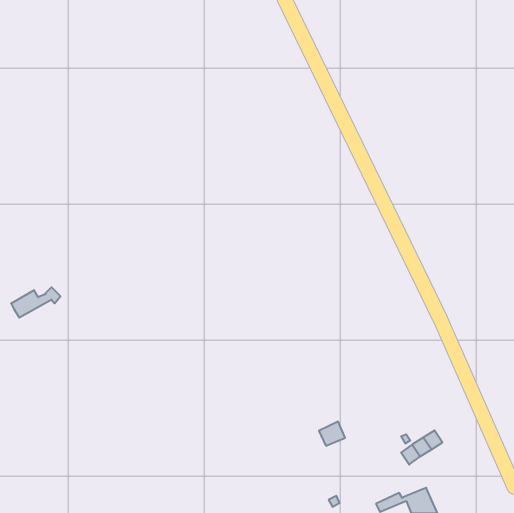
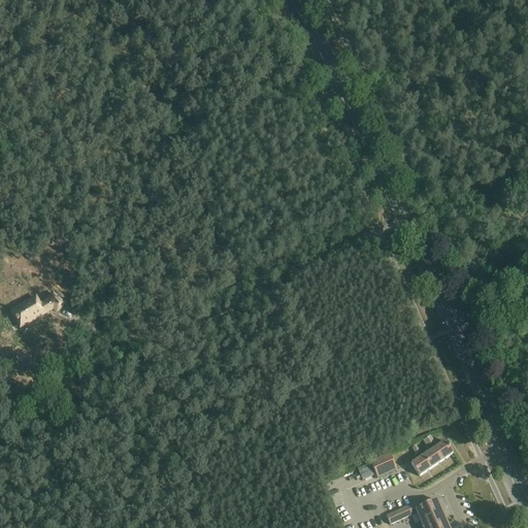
building: [319,422,345,446] -> [369,453,396,477]

